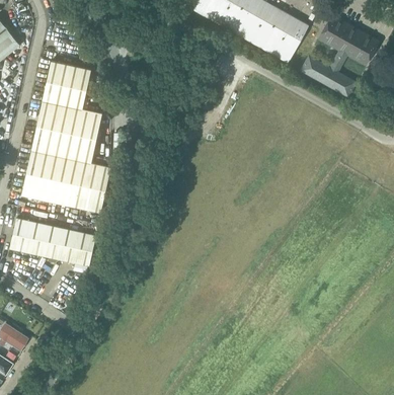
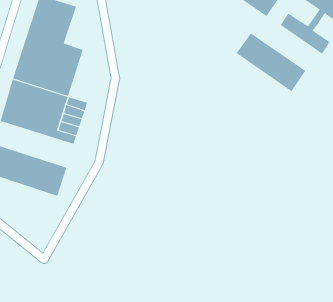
building: none -> [236,33,306,92]

